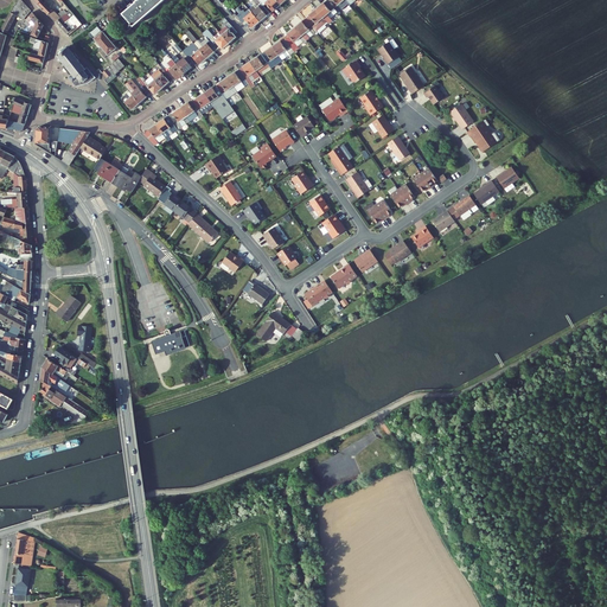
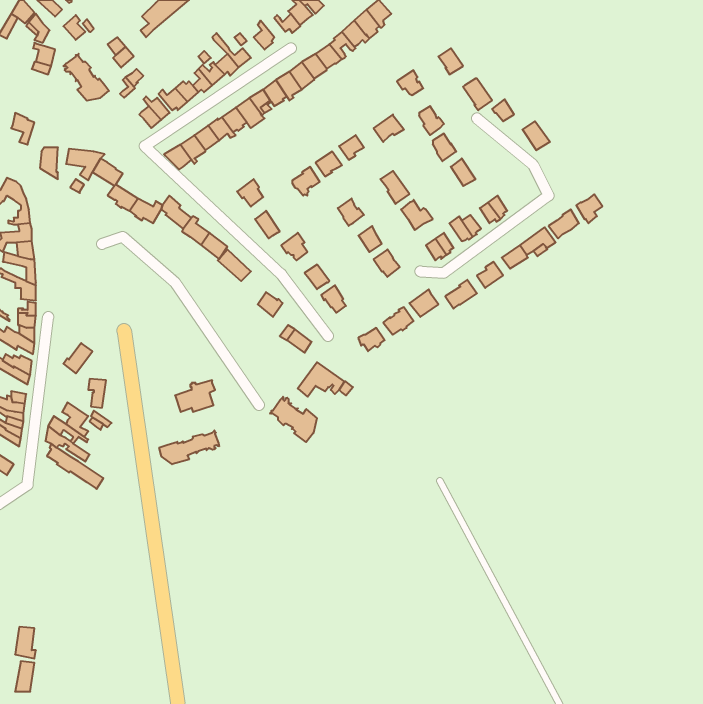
building: [466,121,499,152] -> none
building: none -> [270,397,317,442]
building: none -> [159,430,219,464]

